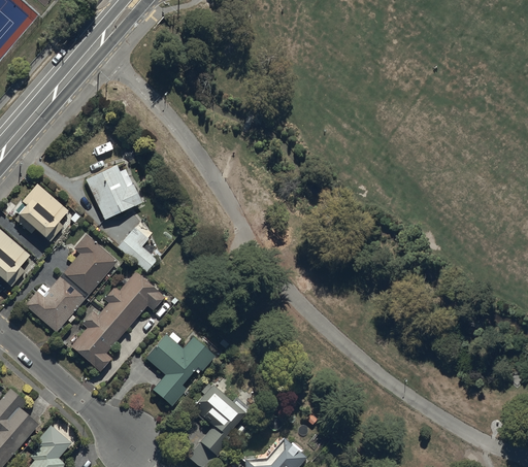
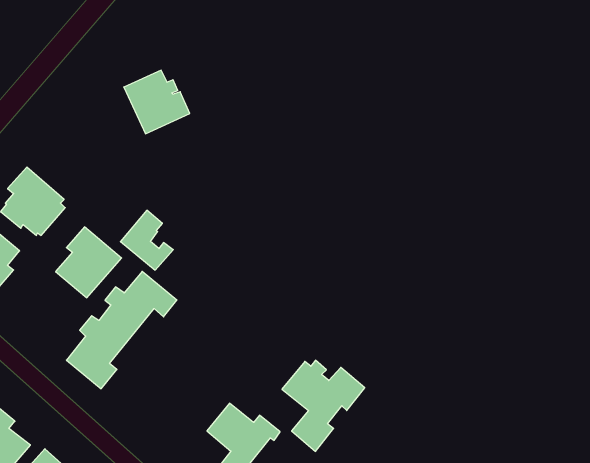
building: [85,165,141,220] -> [124,70,190,134]
building: [24,276,85,332] -> none
building: [142,330,213,408] -> [282,360,365,451]

